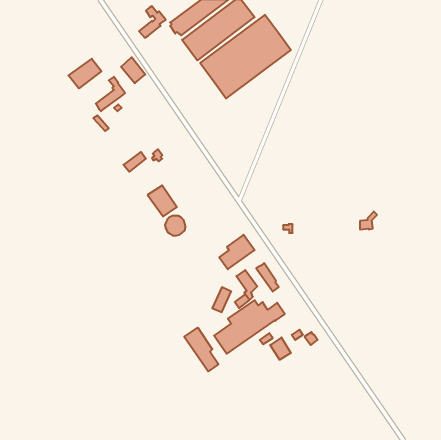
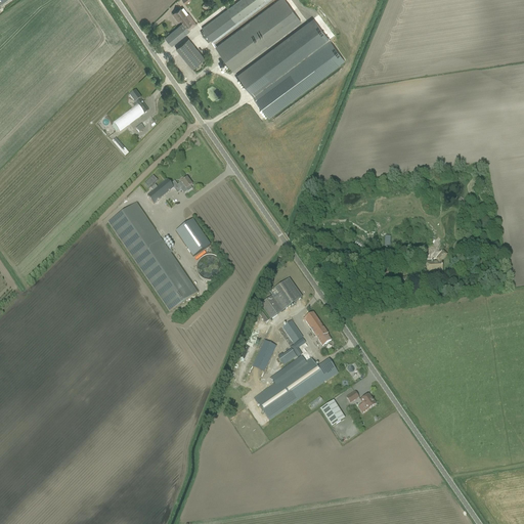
building: [121,57,145,83] -> [176,37,205,68]
building: [68,59,101,88] -> none
building: none -> [108,203,198,311]
building: [184,328,218,371] -> none

